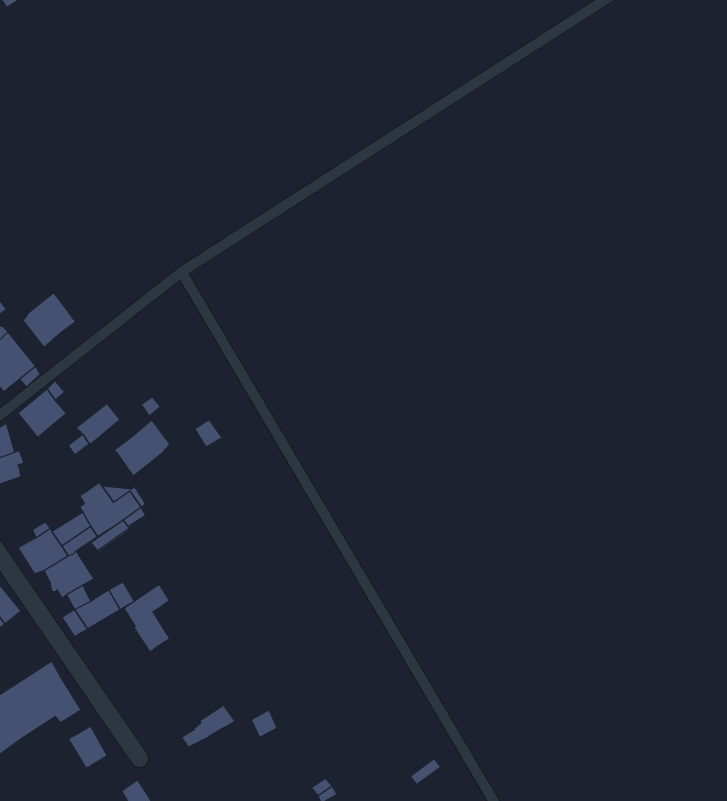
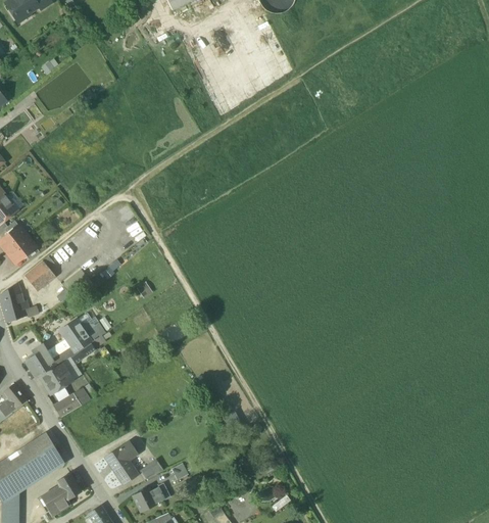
building: [23,292,76,348] -> none
building: [114,420,170,476] -> none
building: [124,584,171,652] -> [106,441,136,484]
building: none -> [41,486,70,515]
building: none -> [133,486,164,511]

